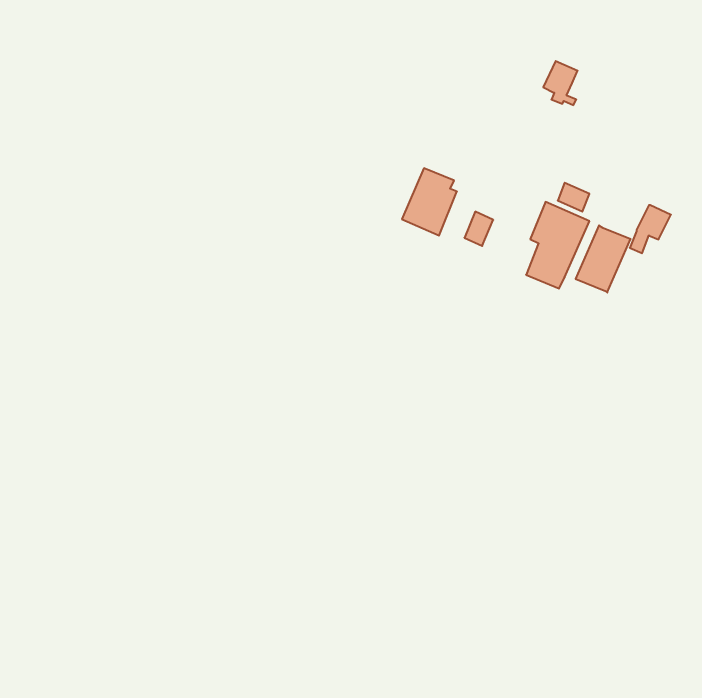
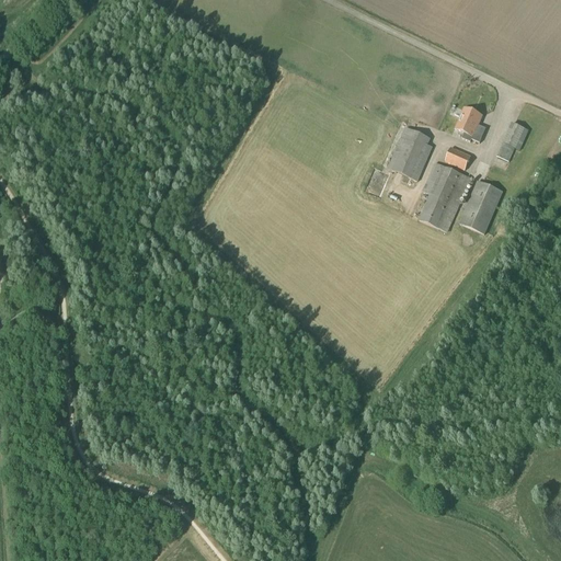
building: [543,61,578,105] -> [455,106,482,141]
building: [402,168,457,236] -> [388,127,432,181]
building: [630,205,671,253] -> [496,122,529,160]

